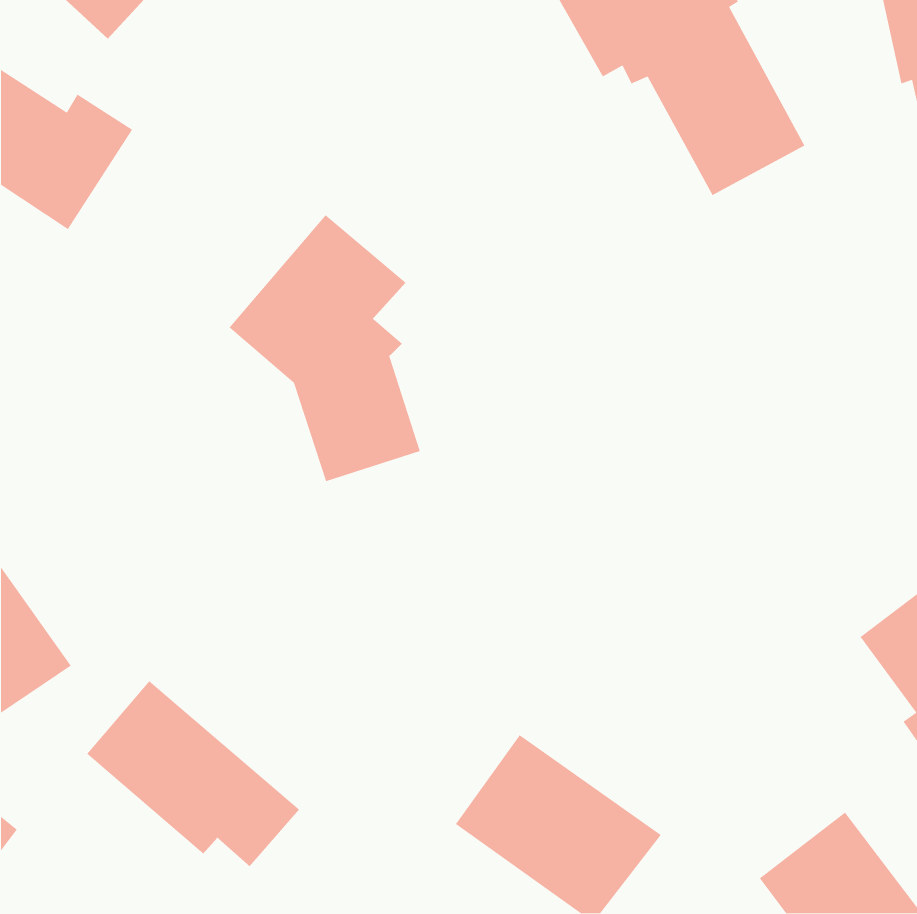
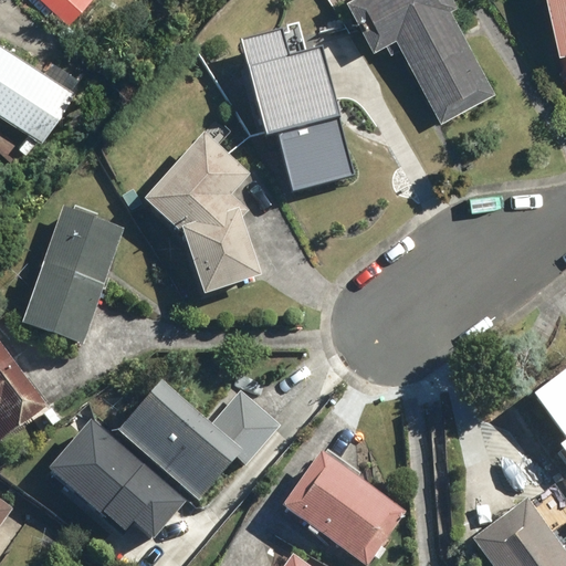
building: none -> [237,29,354,193]
building: none -> [19,206,125,347]
building: none -> [120,376,290,499]

